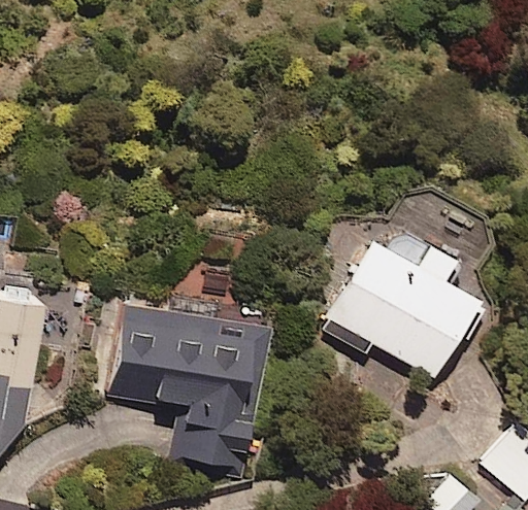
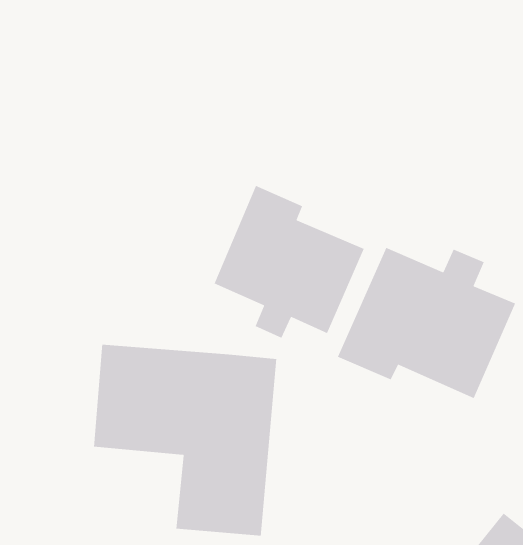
building: none -> [214,185,365,339]

